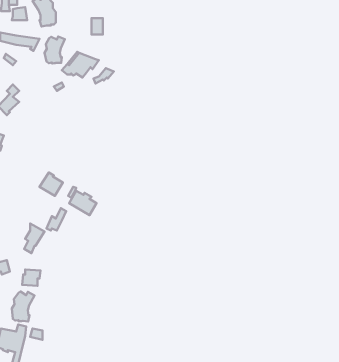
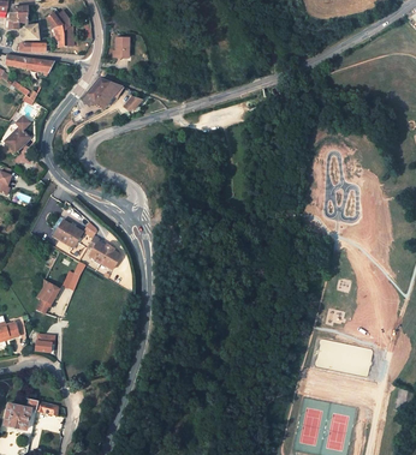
building: [45,37,65,63] -> none
building: [12,292,35,322] -> none

